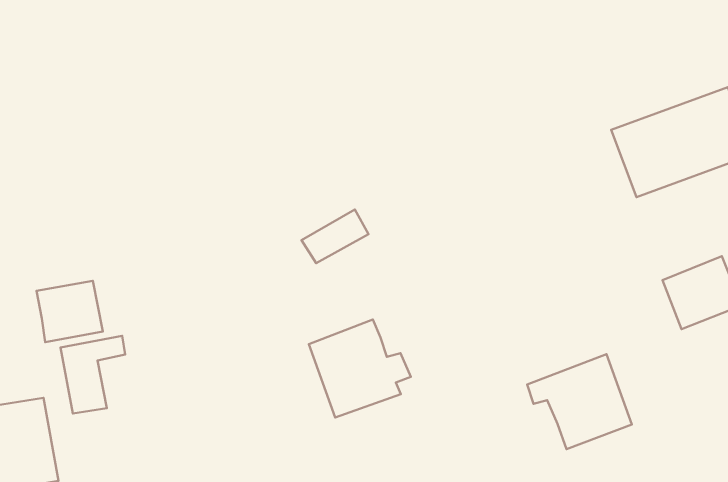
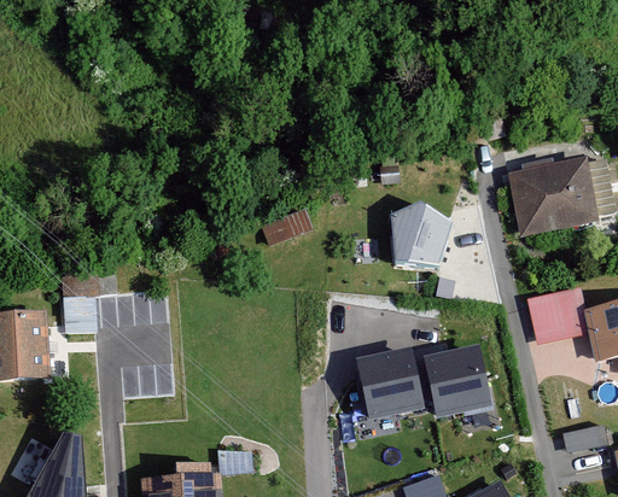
building: none -> [390,204,449,263]
building: [37,281,103,342] -> none
building: [309,320,411,418] -> [358,347,432,417]

